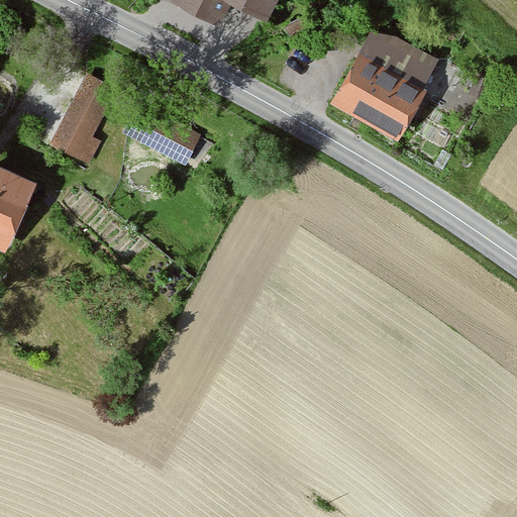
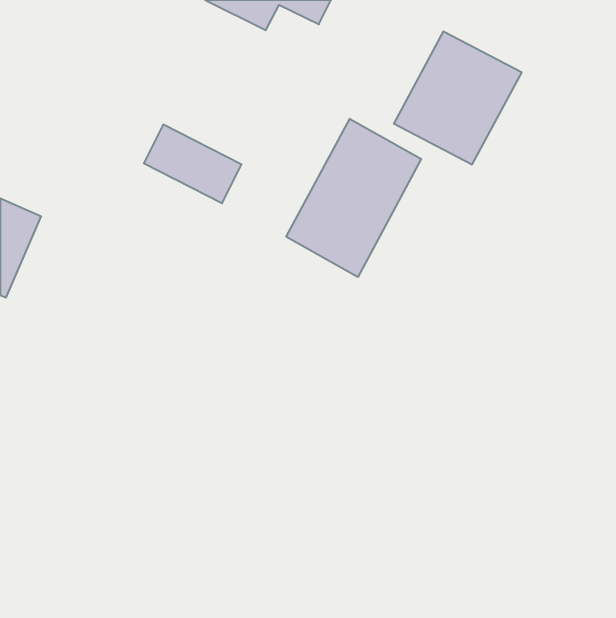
building: [49,75,115,169] -> none
building: none -> [286,119,421,277]

